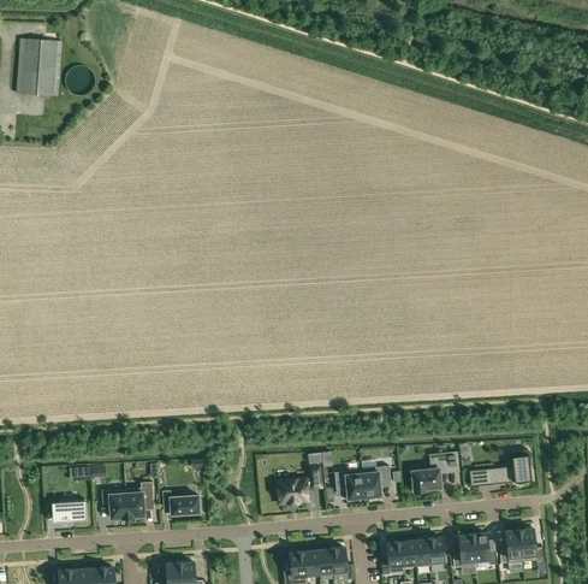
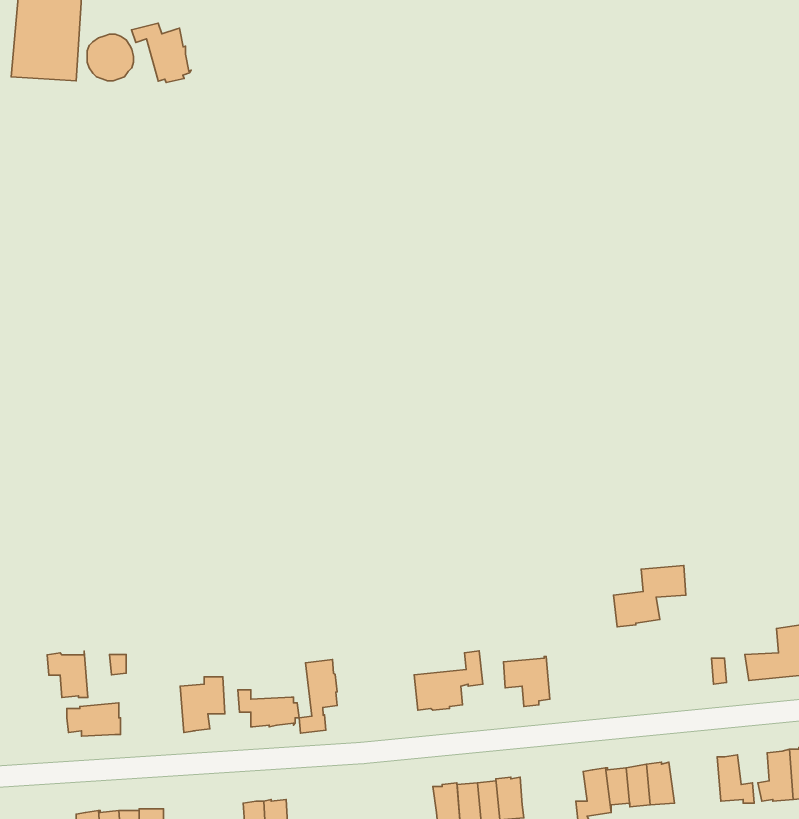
building: none -> [131,23,191,83]
building: [411,452,458,491] -> [613,566,686,627]
building: [362,465,391,499] -> none
building: none -> [299,660,337,733]
building: [101,488,127,518] -> [47,651,88,698]
building: [452,533,475,567] -> none

